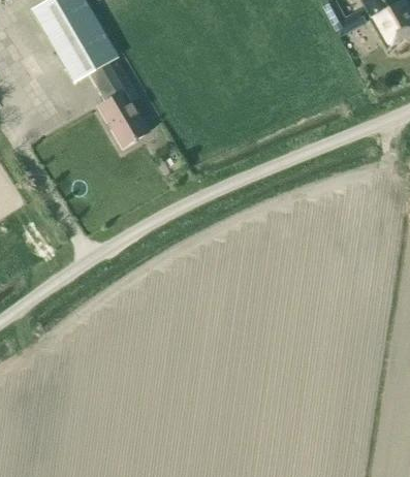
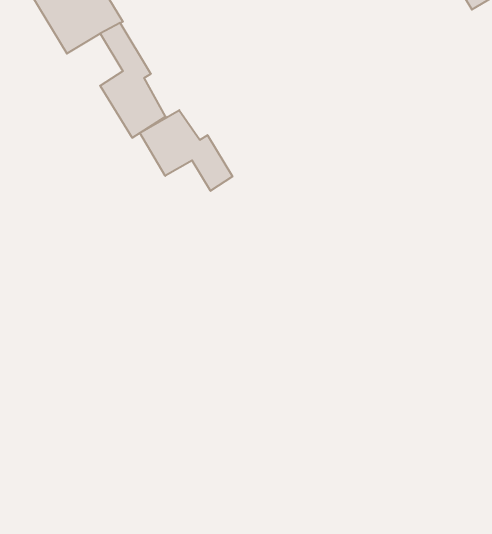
building: none -> [140,110,232,191]

